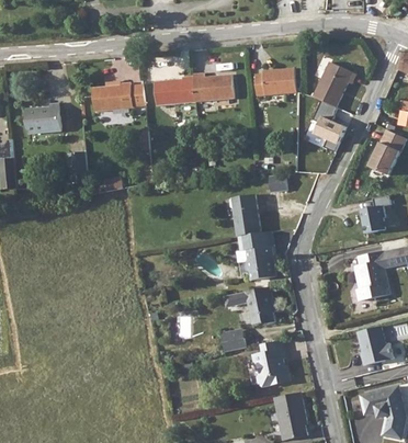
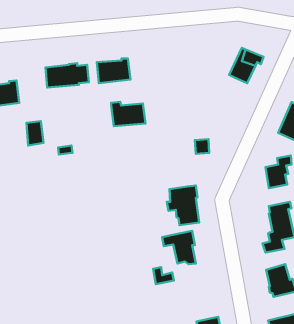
building: [253,68,296,95] -> none
building: [191,72,233,102] -> [111,102,146,126]
building: [304,100,343,146] -> none
building: [233,193,263,235] -> none
building: [253,338,291,383] -> none

